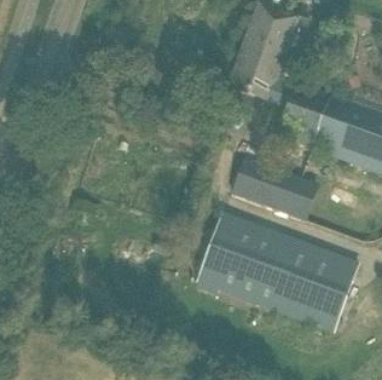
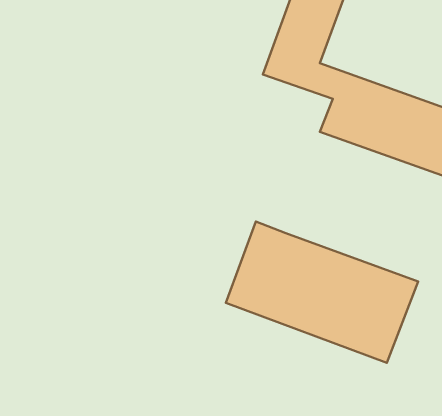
building: [230,157,317,220] -> none

